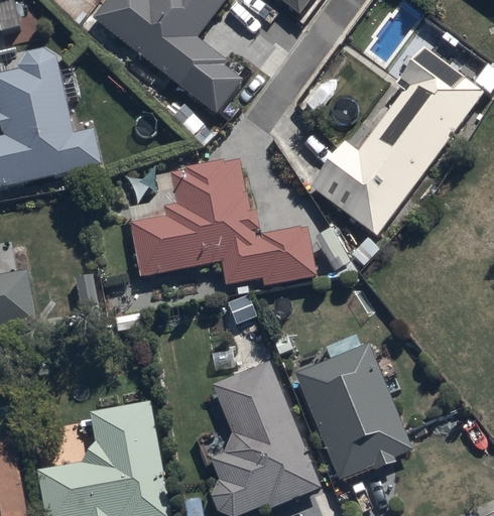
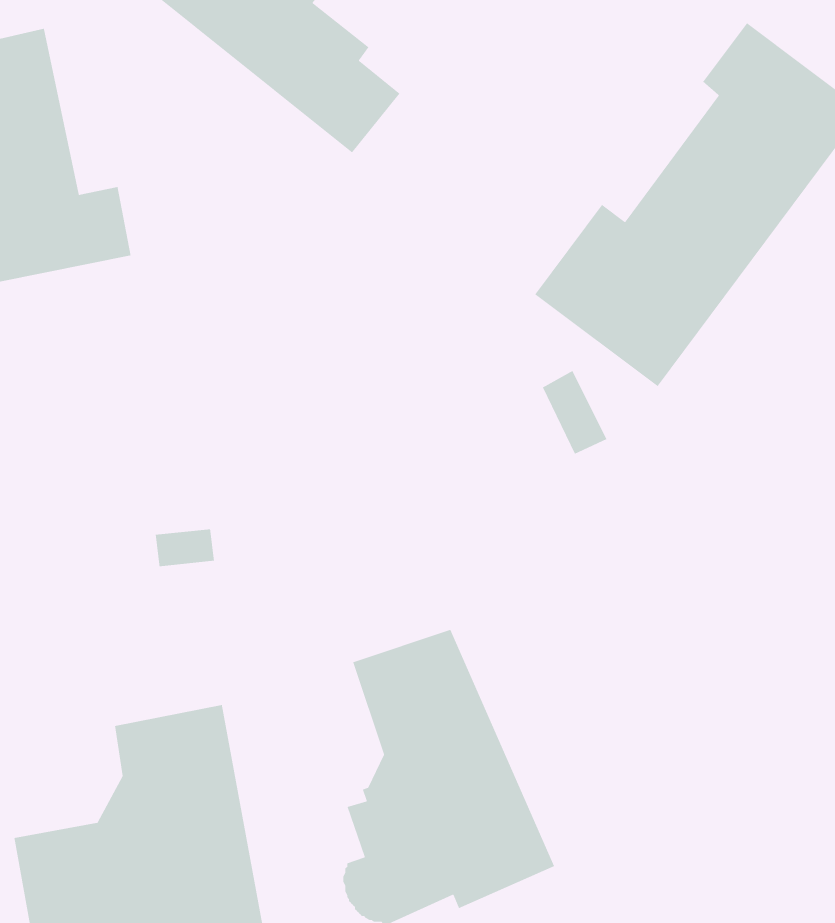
building: [131,159,316,294] -> none
building: [295,340,413,479] -> none

